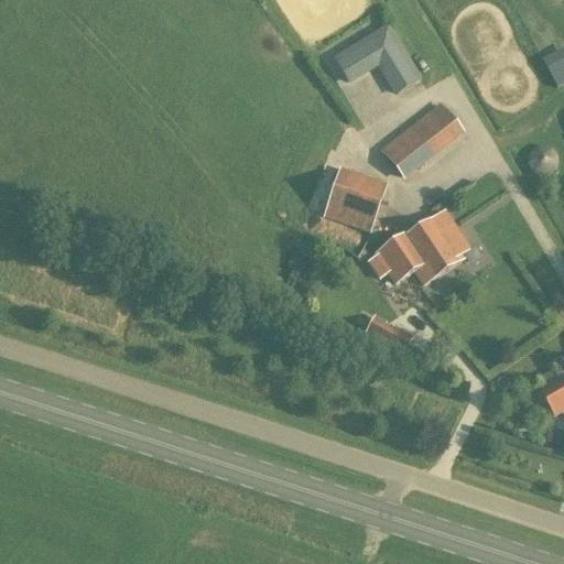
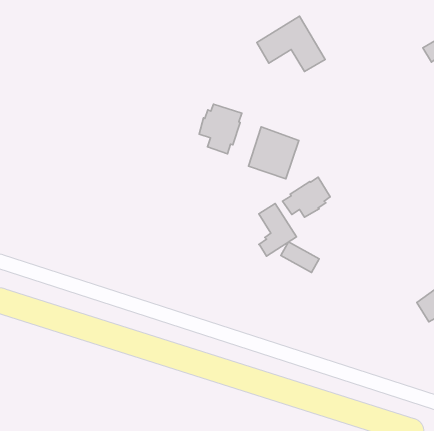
building: [380,100,465,178] -> none
building: none -> [199,104,242,154]
building: [413,216,462,284] -> [259,203,296,256]

